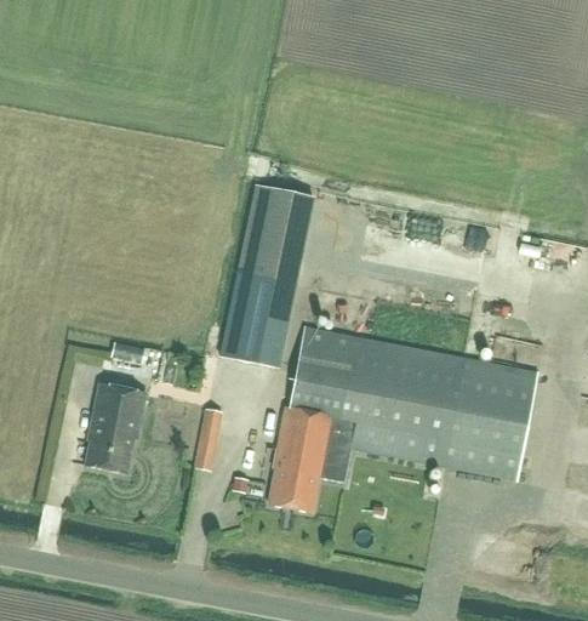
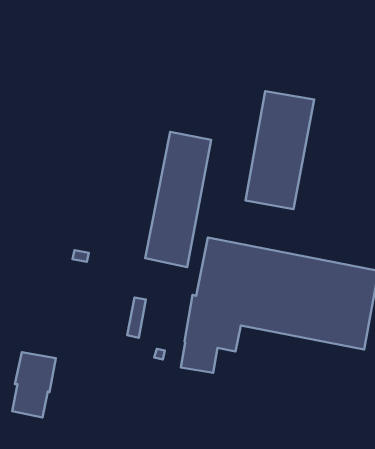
building: none -> [246,91,314,209]
building: [86,383,145,472] -> [12,352,56,417]

